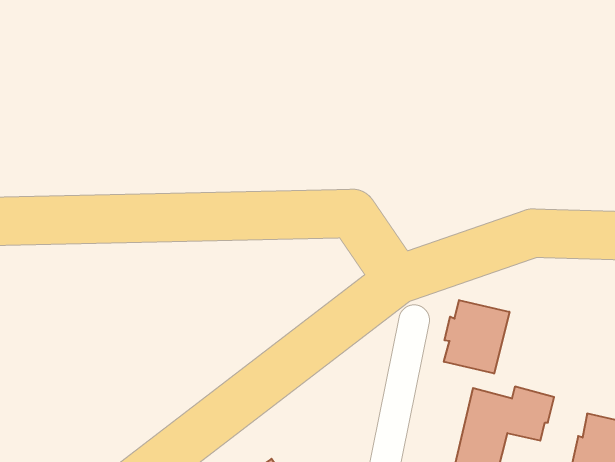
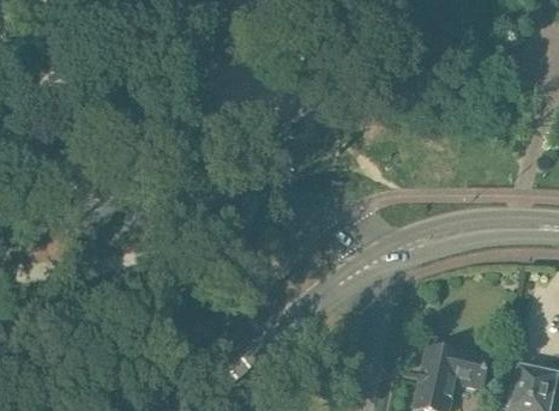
building: [444,300,509,374] -> none

